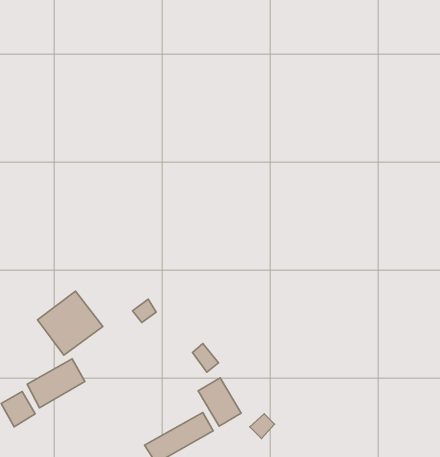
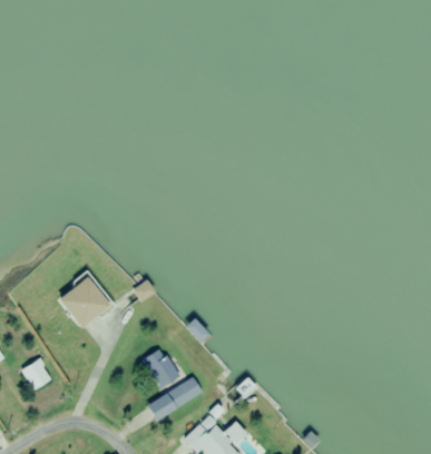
building: [27,359,85,408] -> none
building: [198,378,241,426] -> [145,346,182,387]

